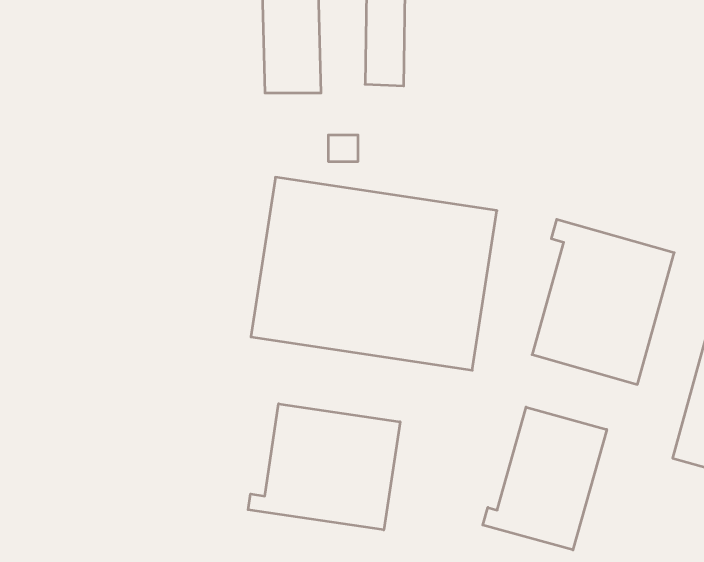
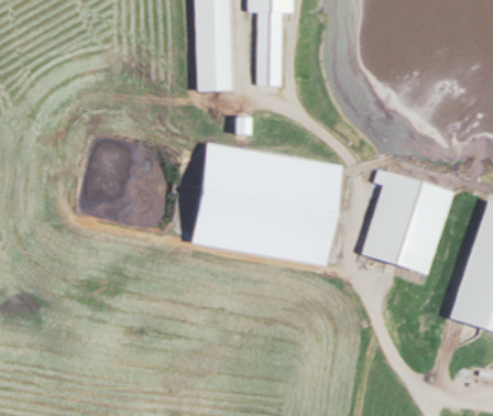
building: [248,404,400,530] -> none
building: [483,407,607,550] -> none

